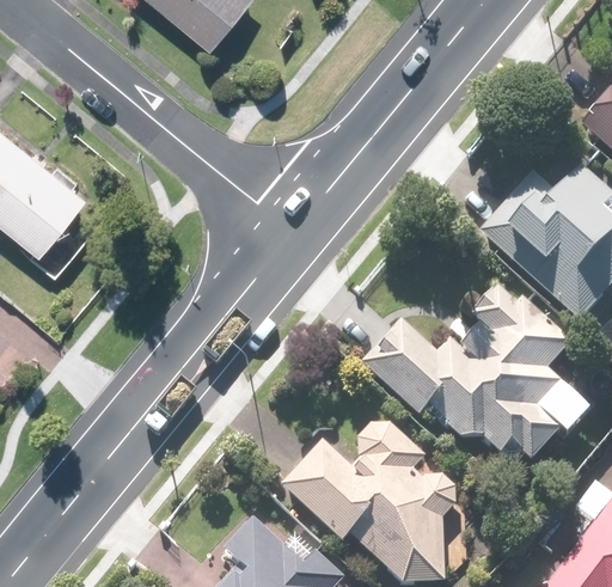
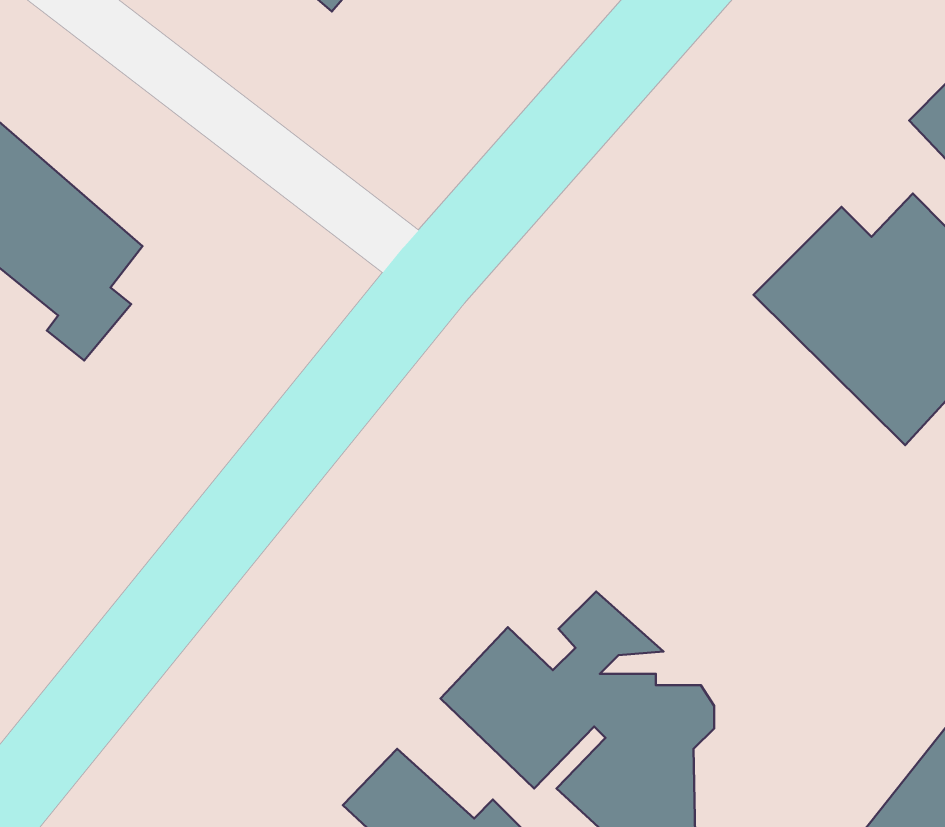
building: [361,279,592,459] -> none

